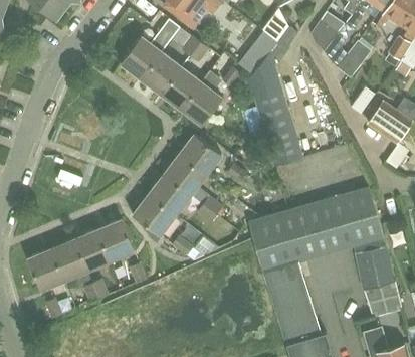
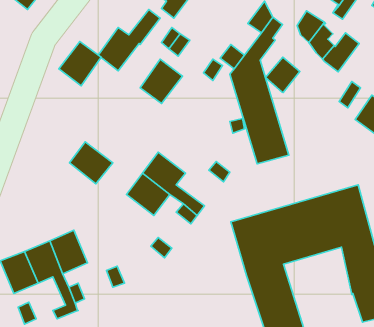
building: [141,50,181,93] -> [59,41,101,86]
building: none -> [266,57,300,93]
building: [182,70,222,123] -> none
building: [179,134,221,174] -> none
building: [134,194,175,234] -> [70,142,113,184]
building: [98,219,135,259] -> none

